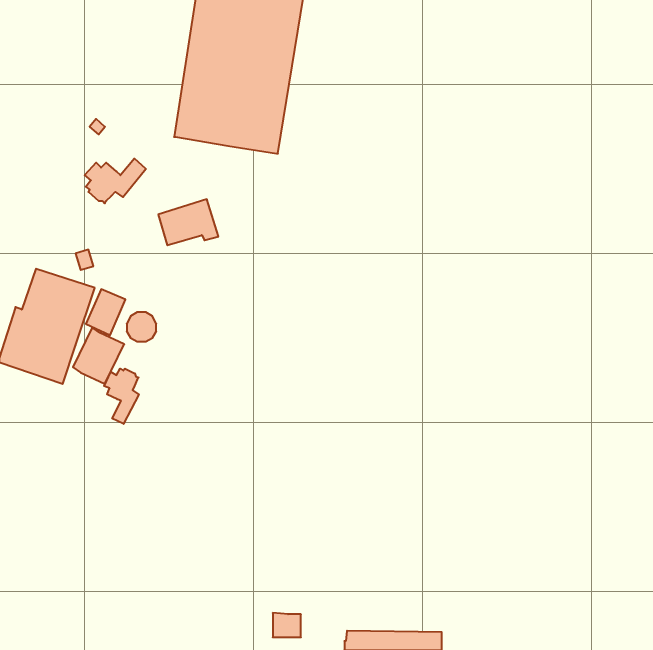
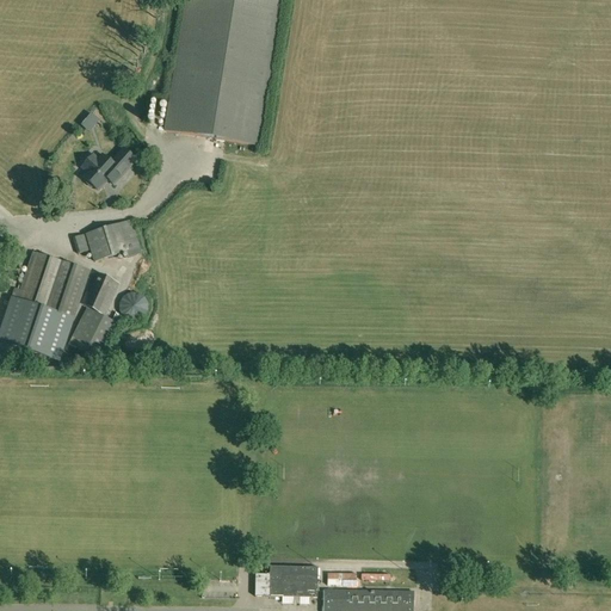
building: [158,199,218,245] -> [85,217,141,260]
building: [104,369,139,424] -> none
building: none -> [269,564,316,600]

